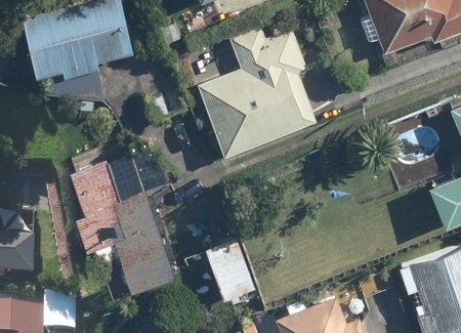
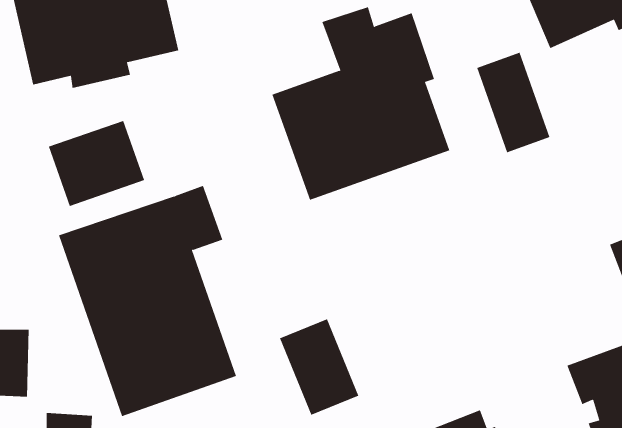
building: none -> [477,52,550,153]
building: none -> [48,120,145,207]

